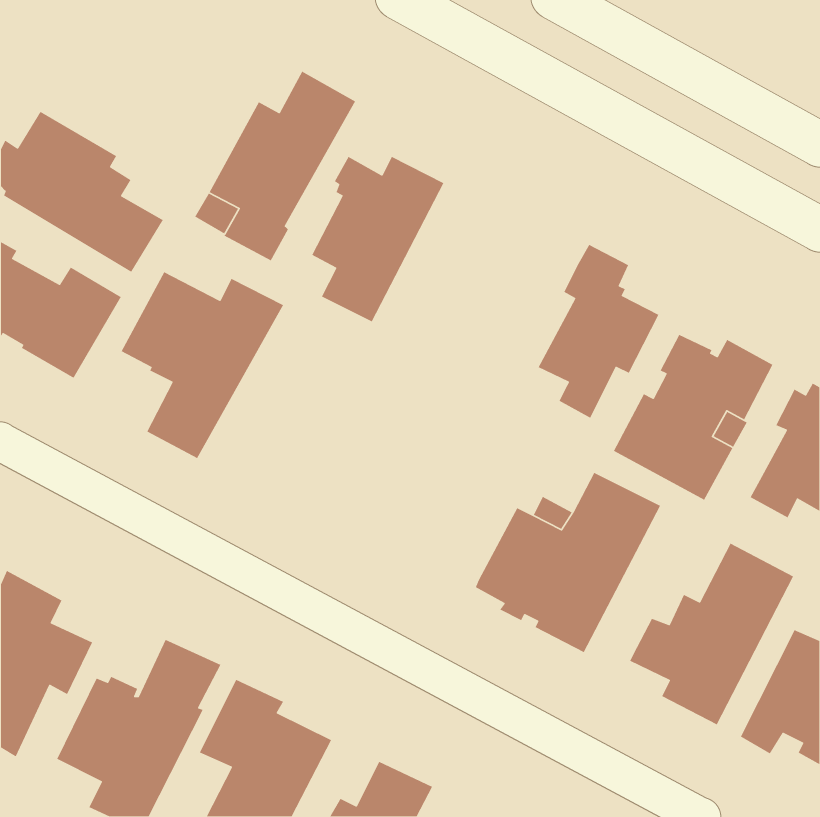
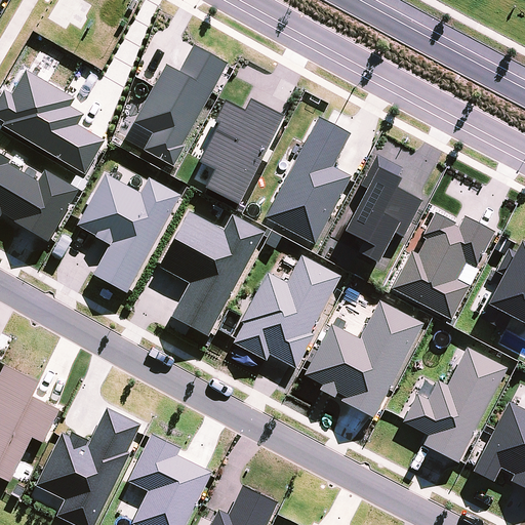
building: none -> [266,118,351,244]
building: none -> [159,211,265,337]
building: none -> [233,255,340,367]

